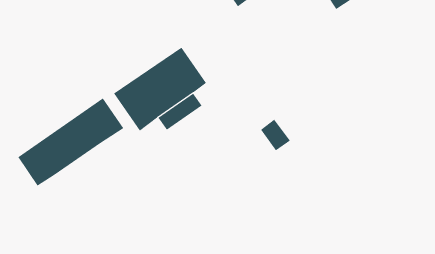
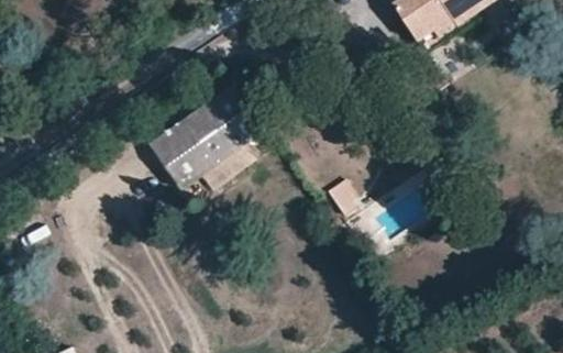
building: [17,97,124,187] -> none

